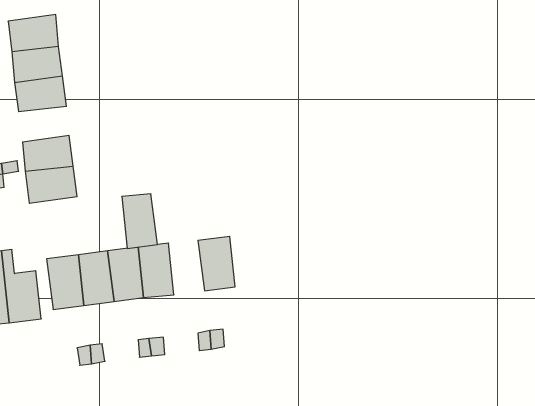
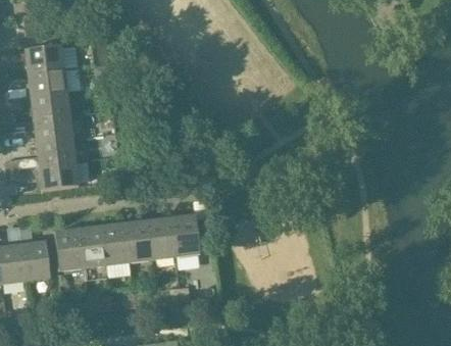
building: none -> [34,114,72,142]
building: [122,194,158,248] -> [149,217,177,259]

